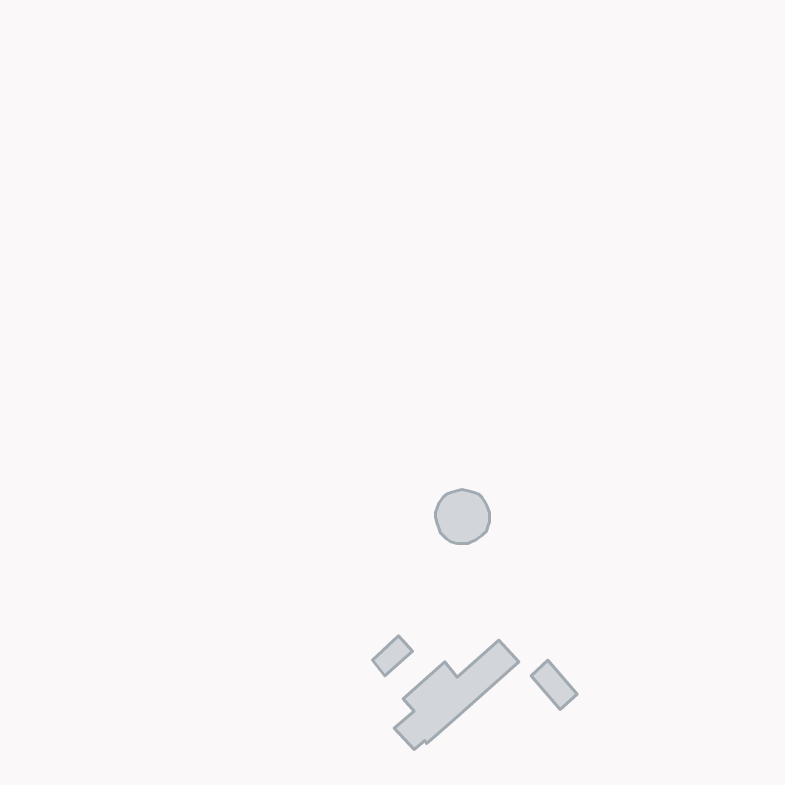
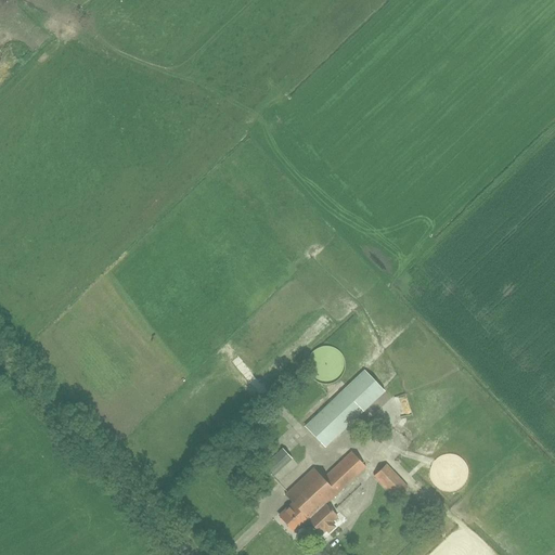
building: none -> [307,369,385,446]
building: none -> [308,503,336,530]

